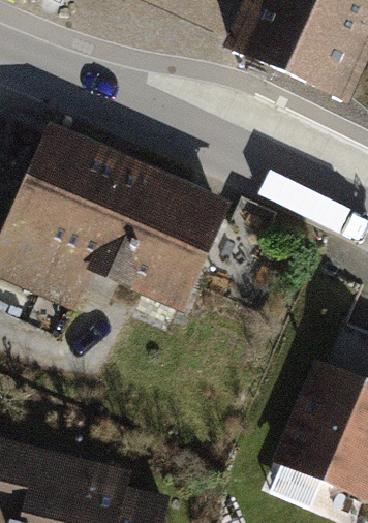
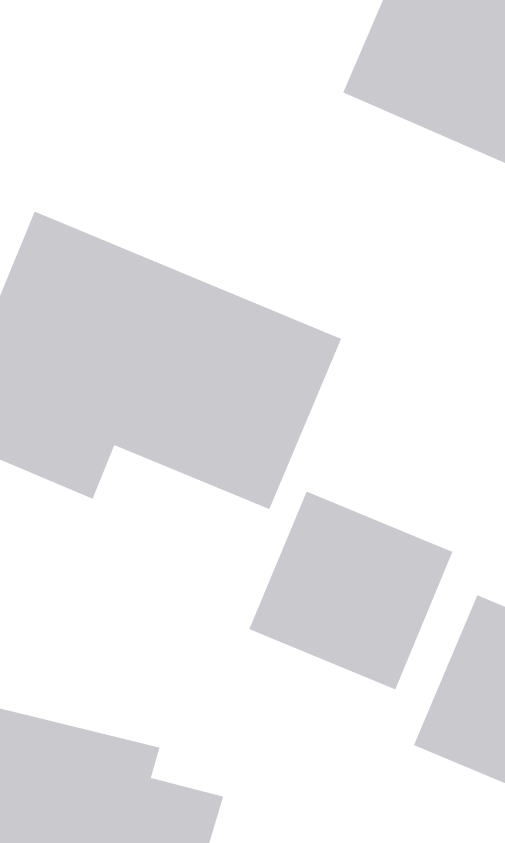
building: none -> [248,491,454,690]

